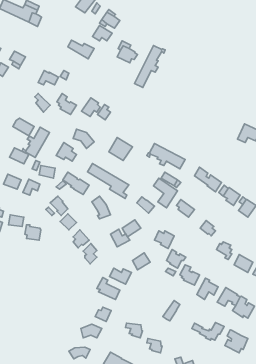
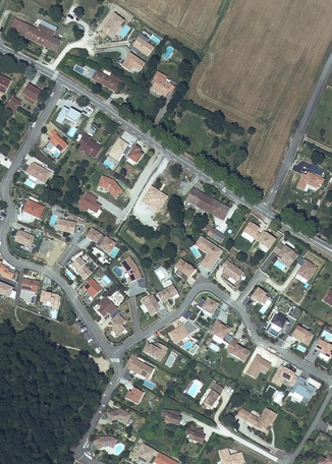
building: [134,46,165,88] -> none
building: [22,127,50,157] -> none
building: [88,164,129,198] -> none
building: [225,330,248,353] -> none

